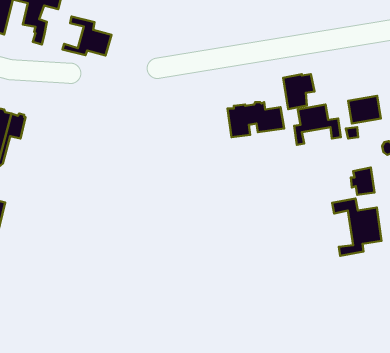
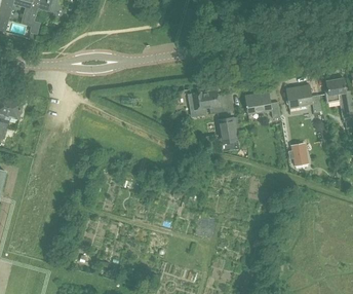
building: [63,17,111,56] -> none
building: [283,74,315,109] -> [218,115,243,144]
building: [332,199,382,256] -> none

